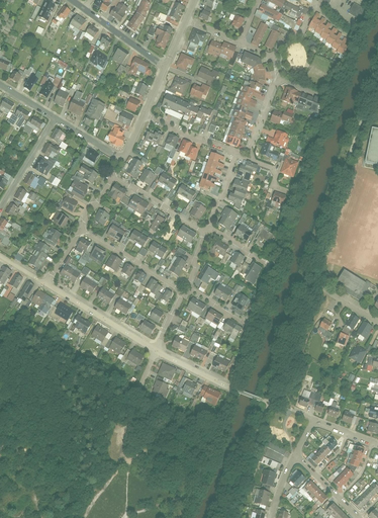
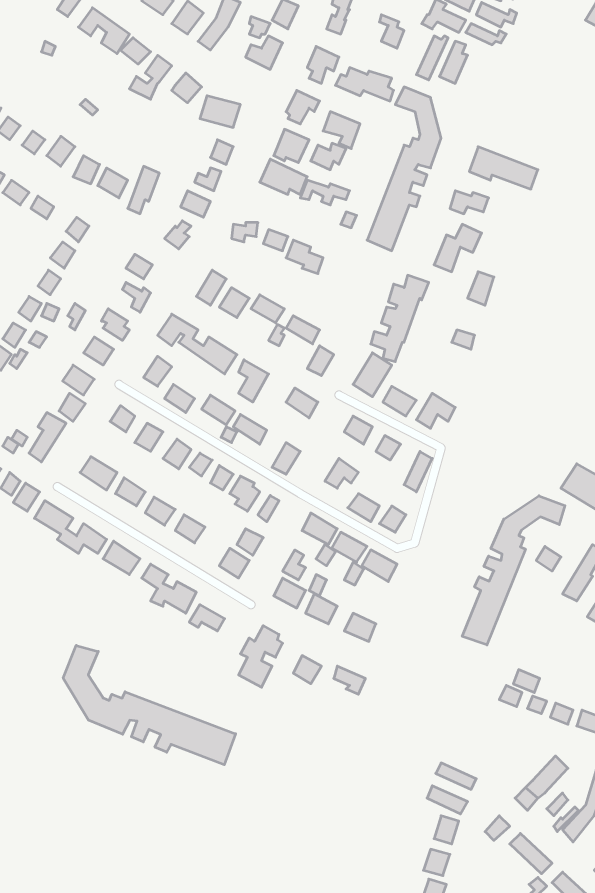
building: [308,12,348,55] -> none
building: [197,152,221,186] -> none
building: none -> [462,496,565,645]
building: none -> [63,645,236,765]

